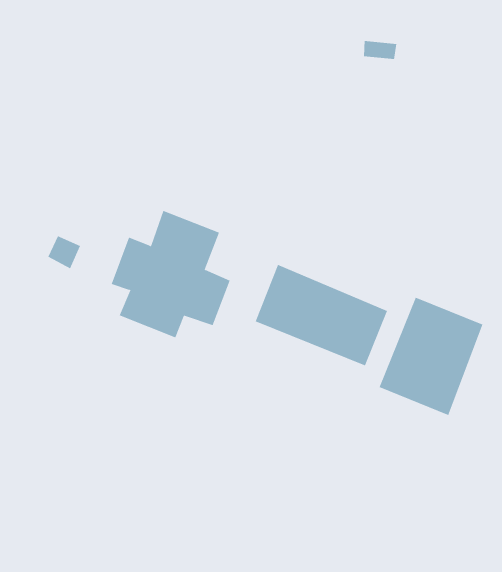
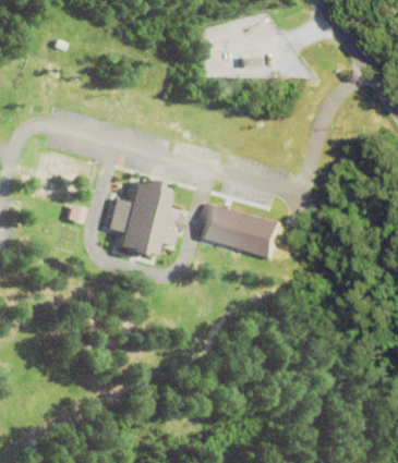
building: [379,297,483,416] -> none

